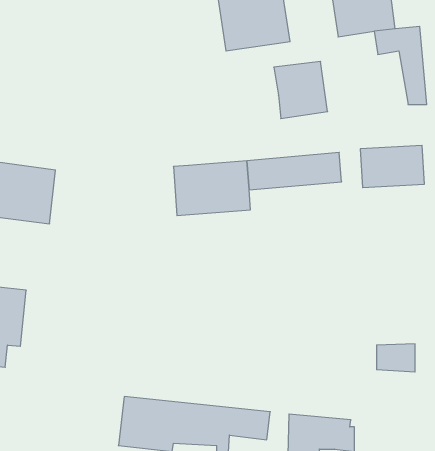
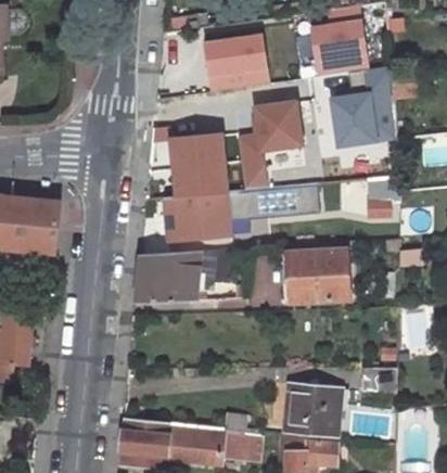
building: none -> [333,92,384,150]
building: none -> [175,133,234,199]
building: none -> [240,133,271,192]
building: none -> [285,247,347,299]
building: none -> [135,252,204,304]
building: none -> [273,379,336,435]

